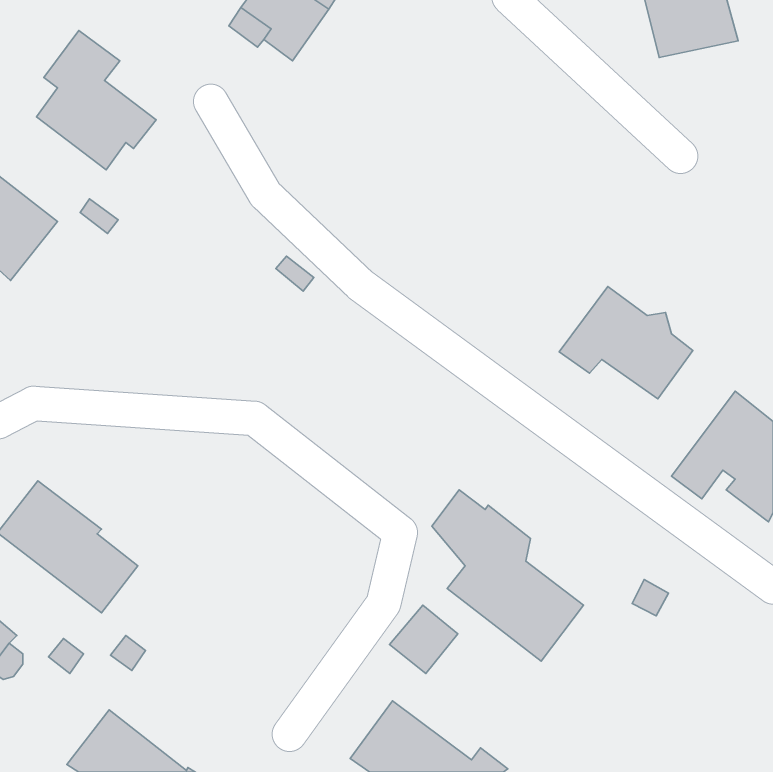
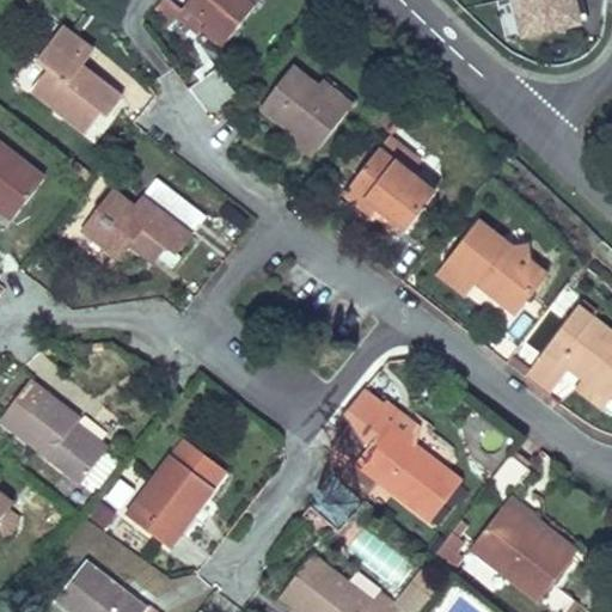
building: none -> [262,68,354,151]
building: none -> [344,140,437,232]
building: none -> [79,177,203,268]
building: none -> [123,436,227,547]
building: none -> [469,496,577,601]

